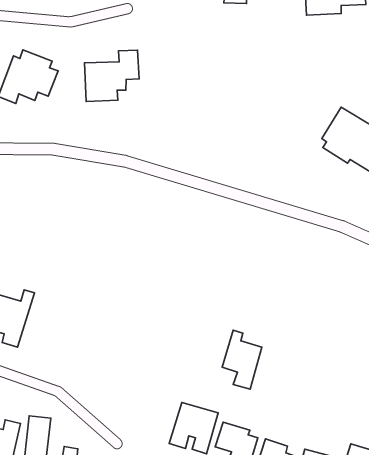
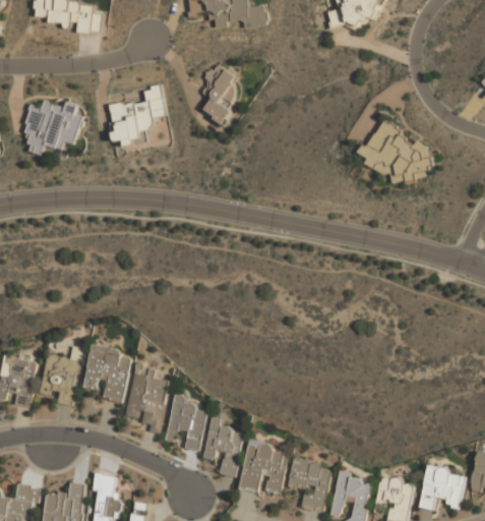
building: none -> [199,63,242,121]
building: none -> [82,344,130,401]
building: none -> [125,363,169,433]
building: [222,330,262,389] -> [203,418,242,477]
building: none -> [164,399,207,452]

